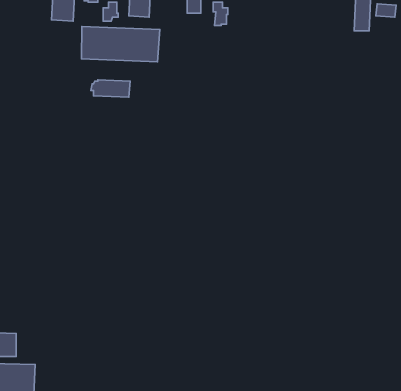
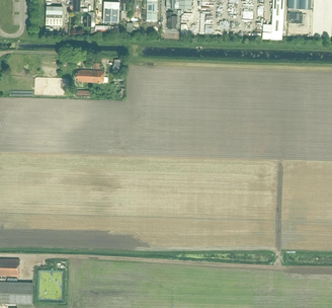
building: [81,26,160,62] -> none

